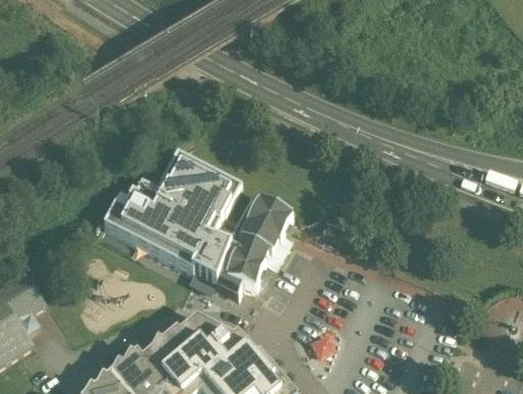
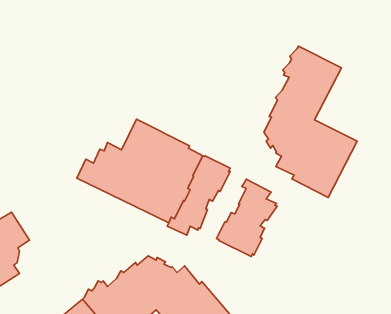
building: none -> [264,46,357,198]
building: none -> [217,179,277,257]

